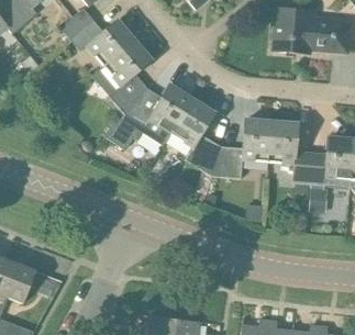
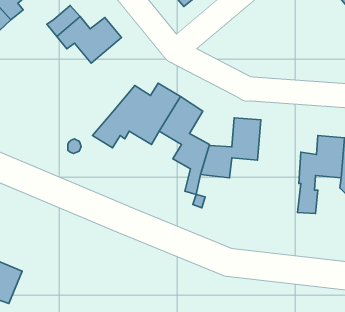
building: [273,8,350,53] -> none
building: [92,40,152,113] -> none
building: [268,121,311,183] -> none

